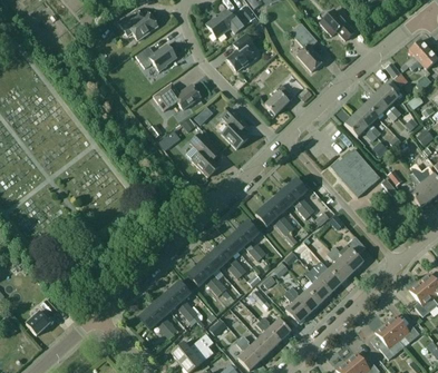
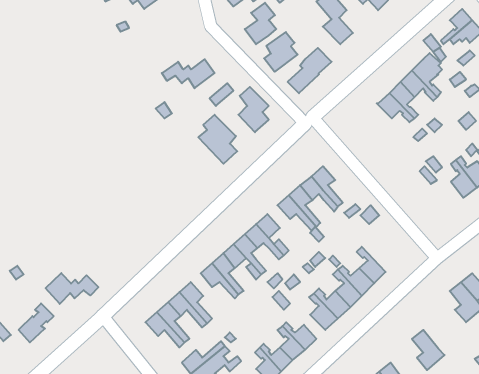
building: [135,43,176,70] -> none
building: none -> [264,32,298,72]
building: [331,148,379,195] -> none
building: [330,236,364,272] -> none
building: none -> [46,273,98,304]
building: [385,314,419,342] -> none

